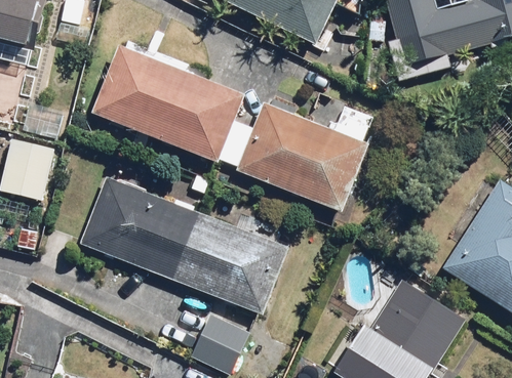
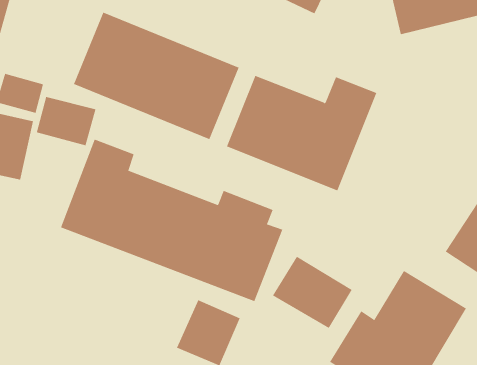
building: none -> [36,96,96,146]
building: none -> [272,256,352,329]

